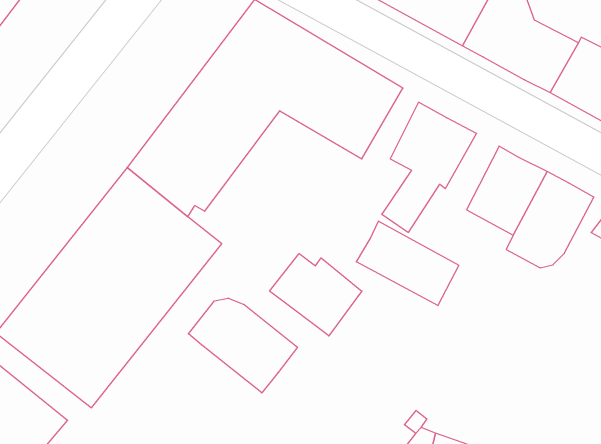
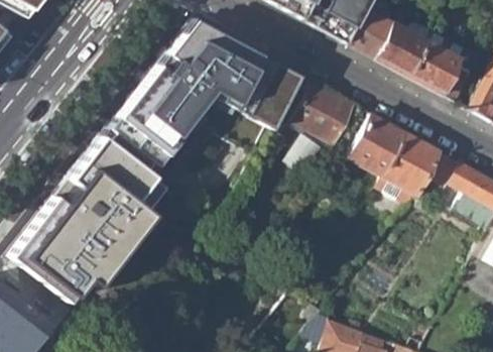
building: [356,221,459,306] -> none
building: [270,254,362,336] -> none
building: [188,298,297,393] -> none

